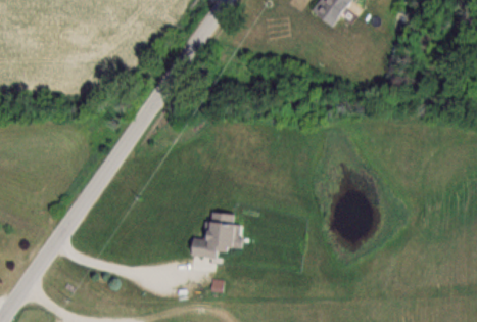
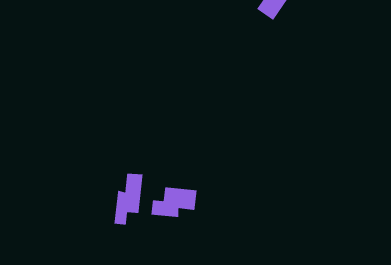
building: none -> [114,173,143,225]

